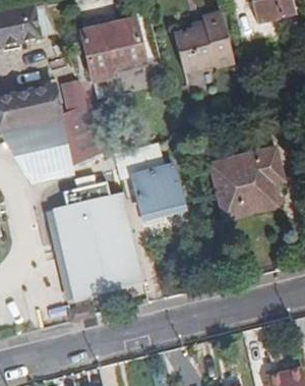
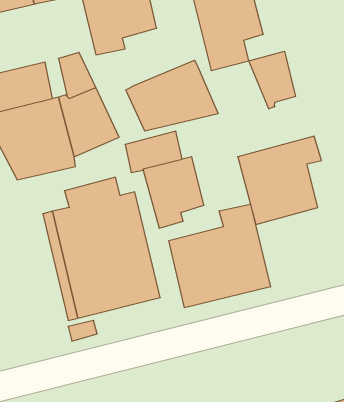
building: none -> [249,51,295,109]
building: none -> [126,60,218,131]
building: none -> [169,204,270,308]

